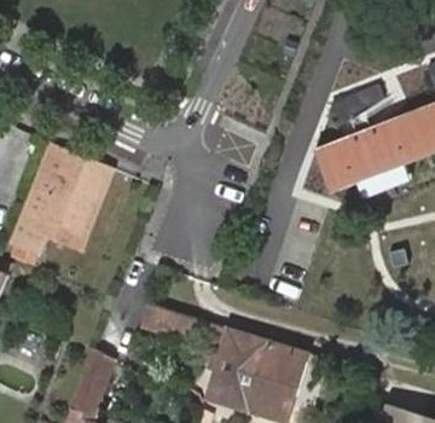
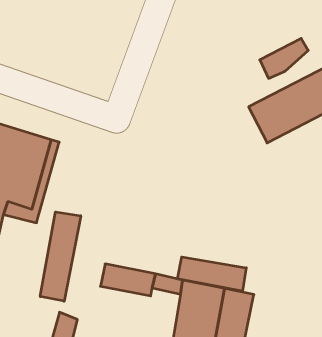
building: none -> [40,212,81,301]
building: none -> [178,257,246,291]

